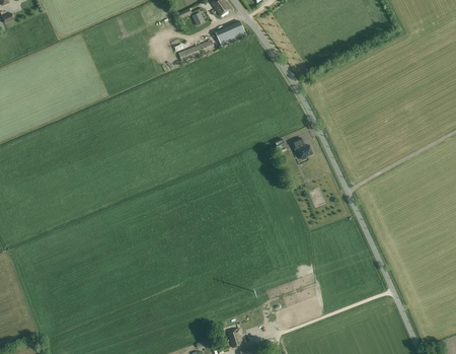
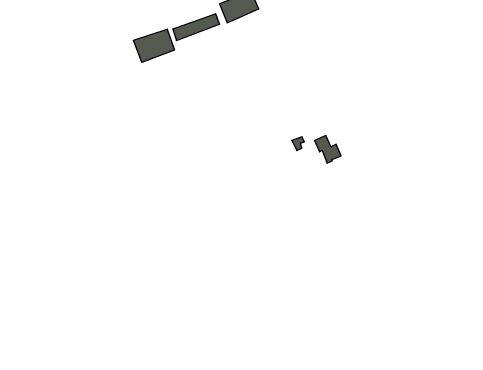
building: none -> [134,29,175,62]

